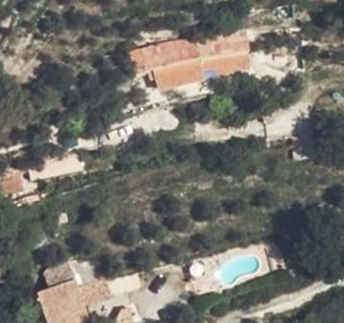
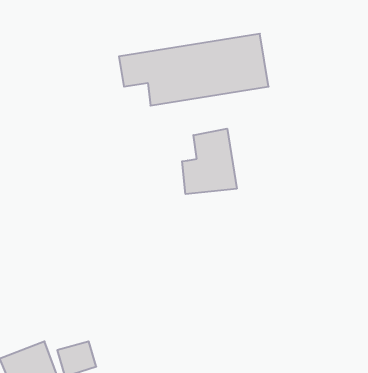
building: none -> [182,129,237,194]

